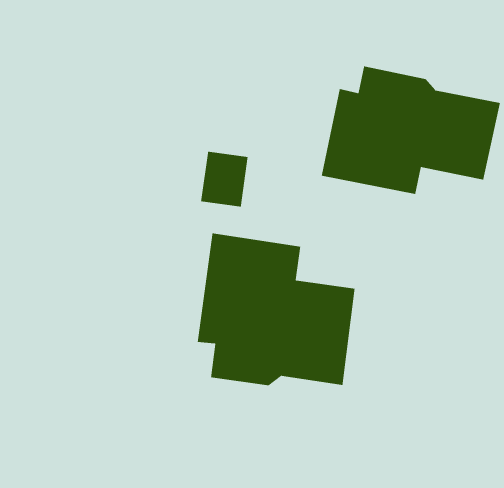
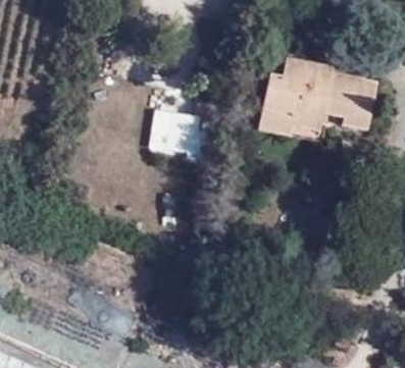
building: [197,233,356,386] -> none

